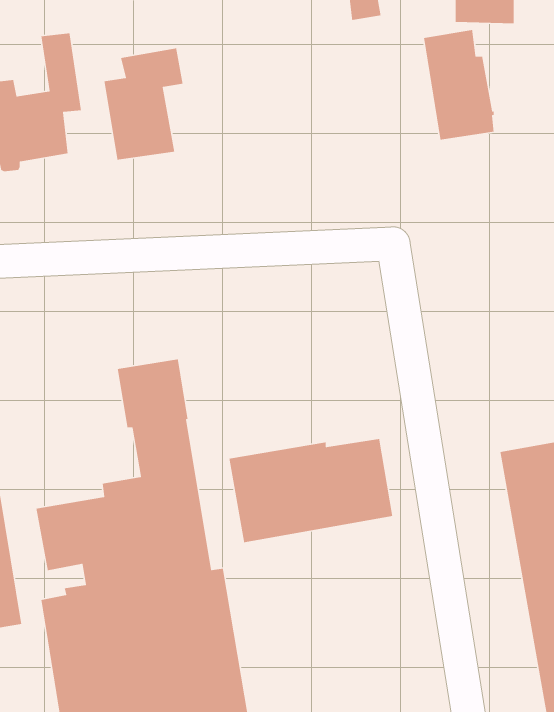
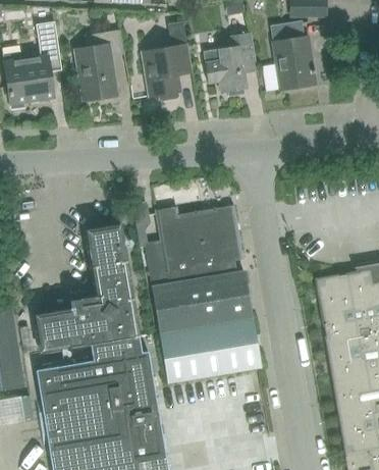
building: none -> [141,21,188,102]
building: none -> [202,33,256,98]
building: none -> [145,209,241,284]
building: none -> [160,320,260,384]

